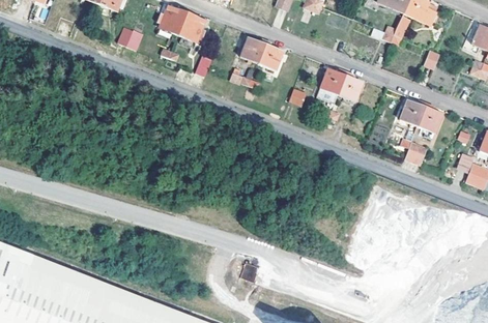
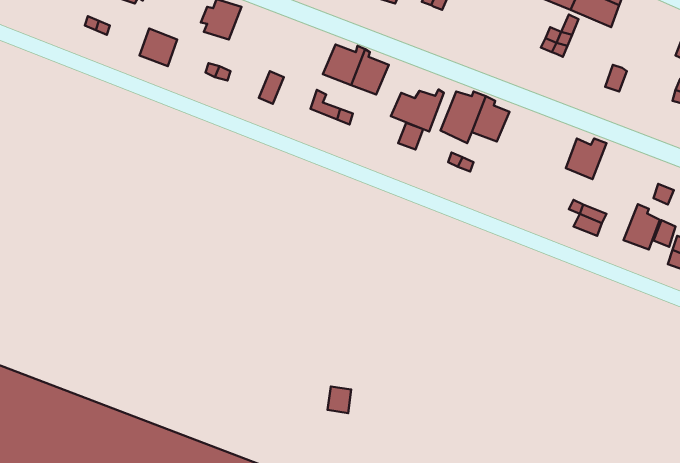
building: [177,12,204,41] -> none
building: none -> [391,90,444,132]
building: [418,102,441,133] -> [624,204,660,250]

